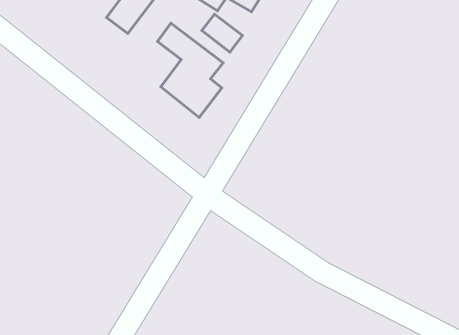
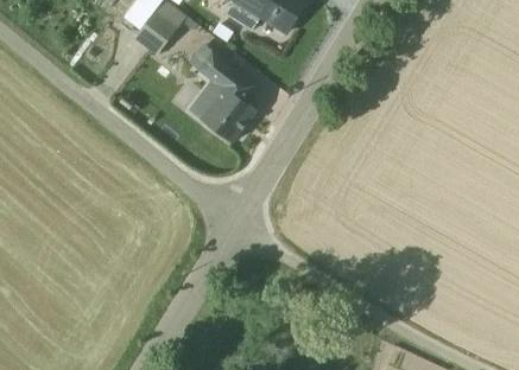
building: [202,14,243,52] -> none

